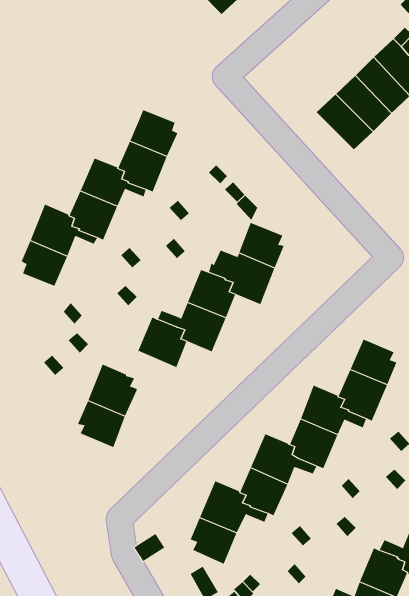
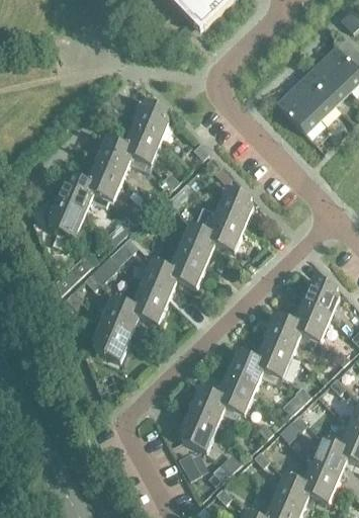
building: none -> [116,287,169,326]

